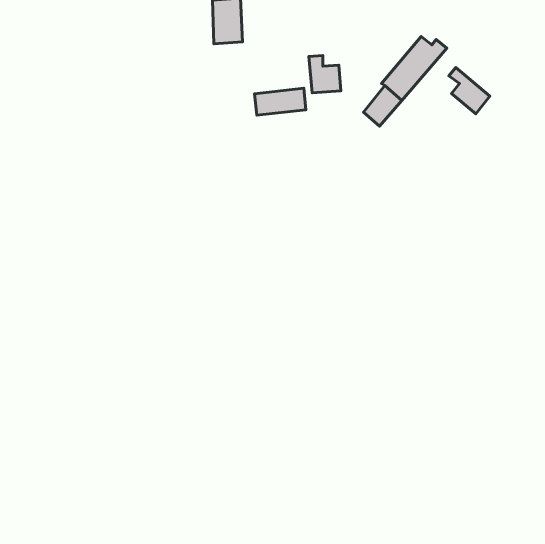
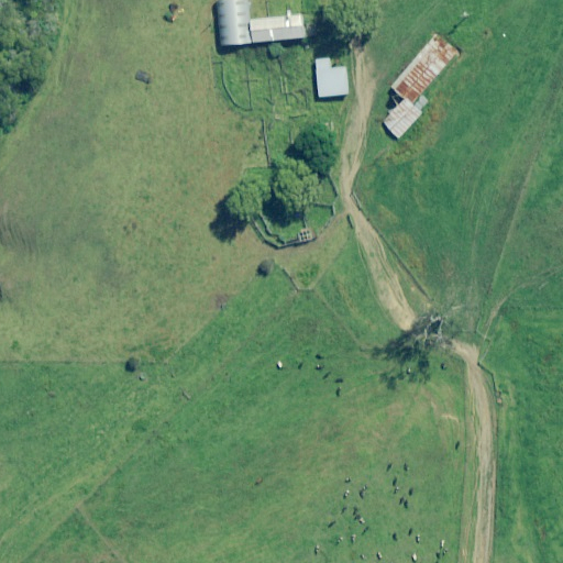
building: [449,67,490,114] -> none
building: [255,88,306,115] -> [254,14,307,42]

